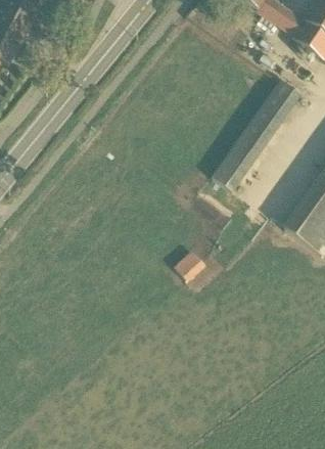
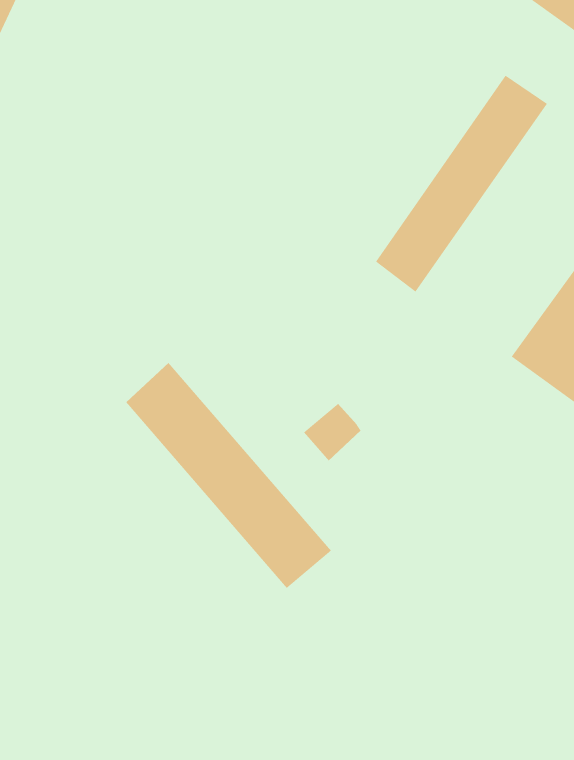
building: none -> [126,362,332,589]

